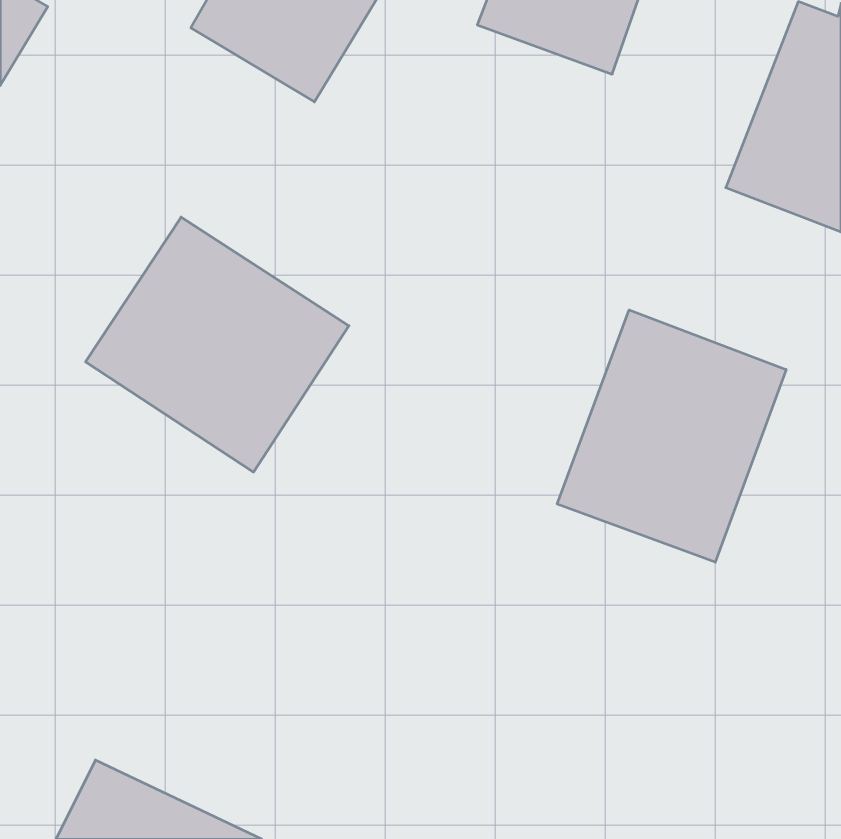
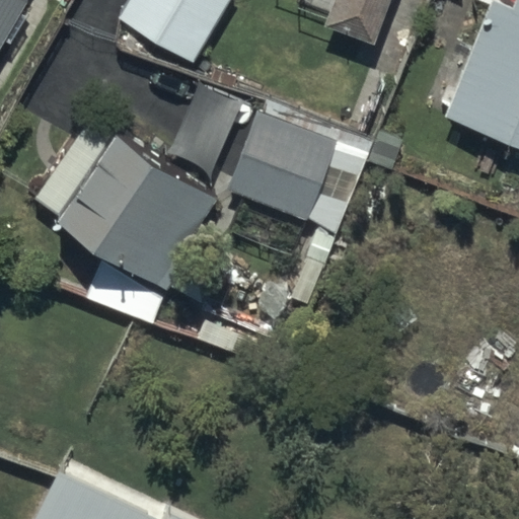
building: none -> [223,112,367,230]
building: [557,310,786,562] -> none

